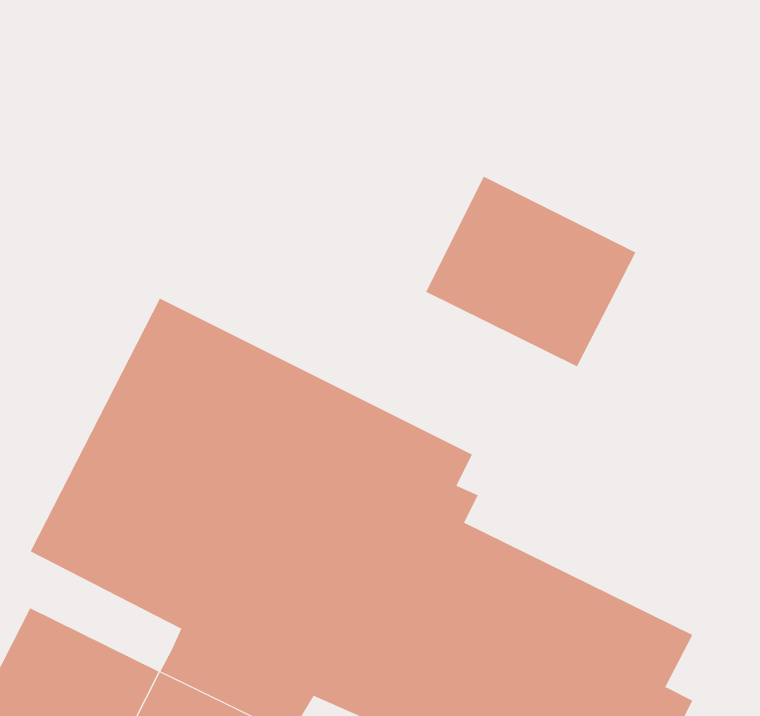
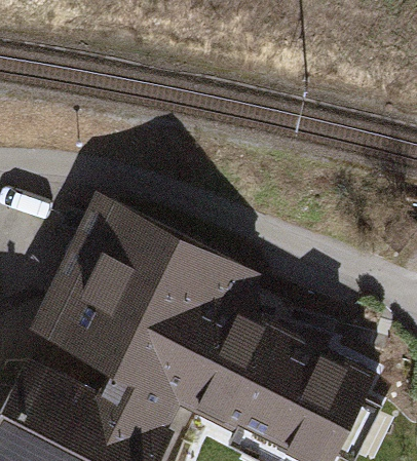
building: [426,176,636,367] -> none

